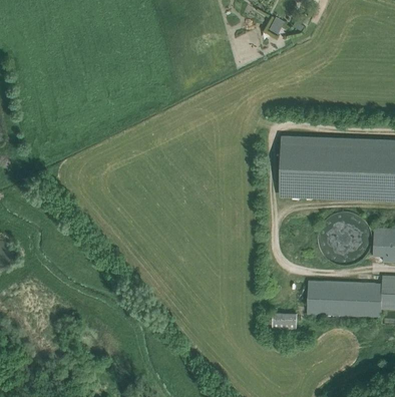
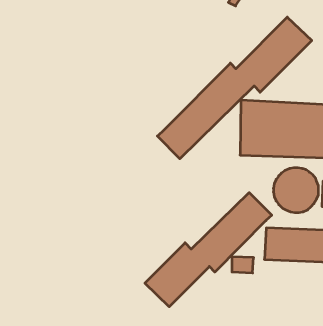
building: none -> [157,17,312,159]
building: none -> [145,193,272,307]

